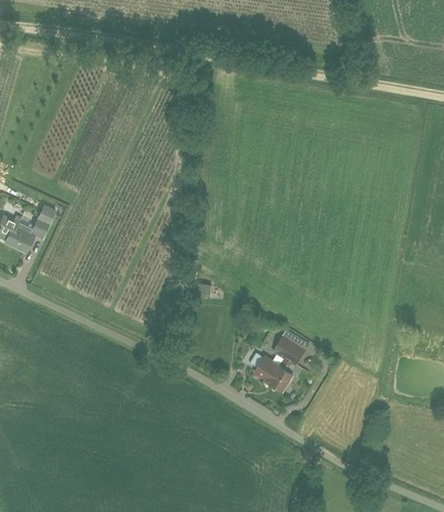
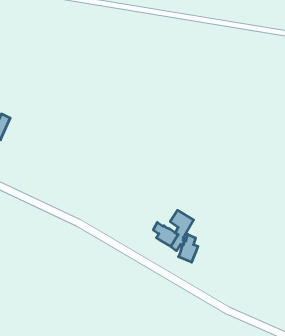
building: none -> [178,234,198,262]

